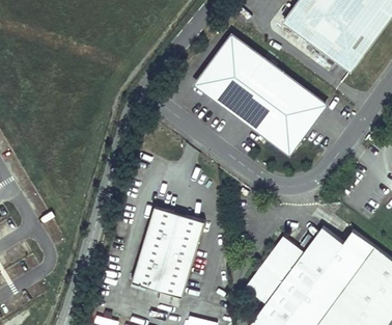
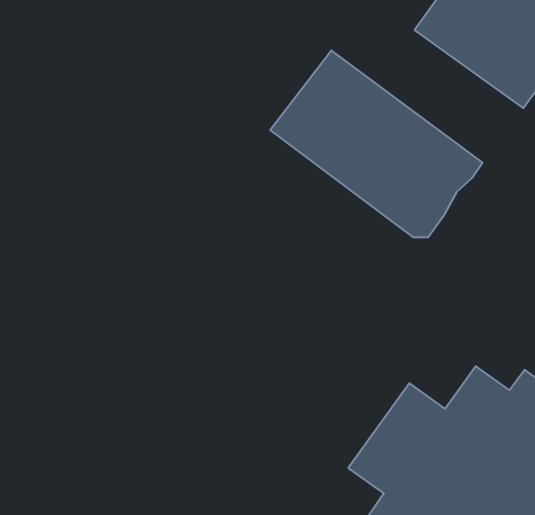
building: [132,207,203,297] -> none

